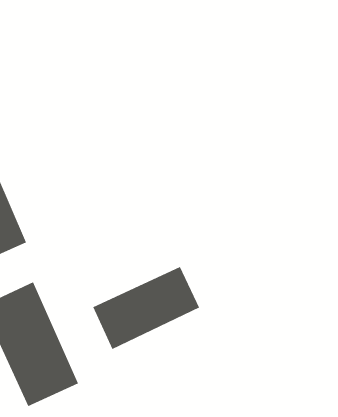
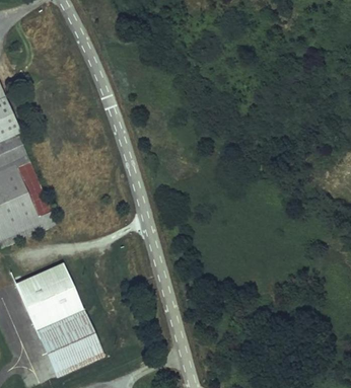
building: [93,266,200,350] -> none

